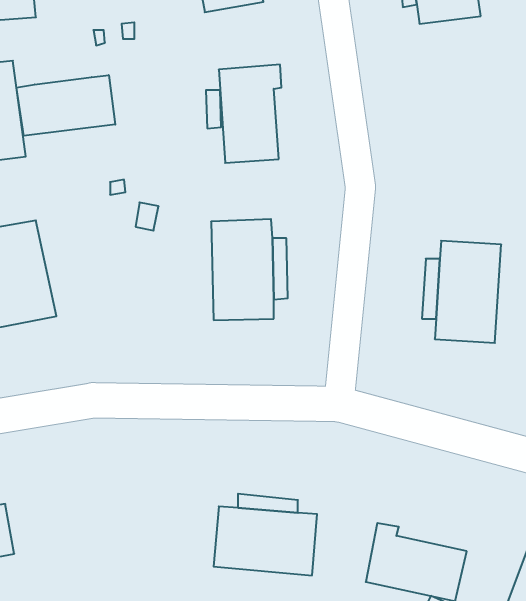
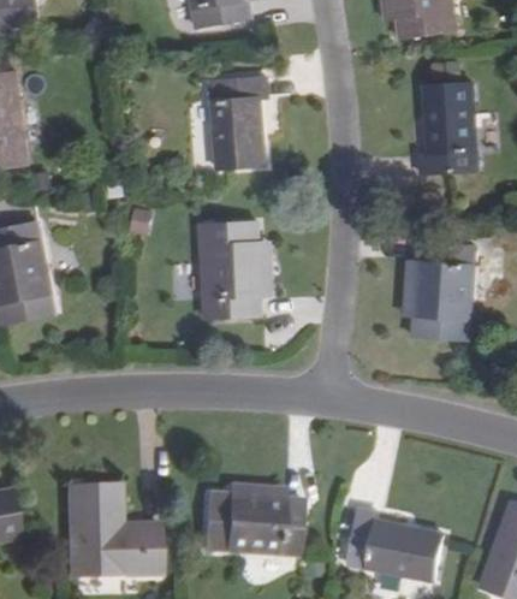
building: none -> [418,83,477,172]
building: [17,75,115,136] -> none
building: none -> [66,485,159,575]

